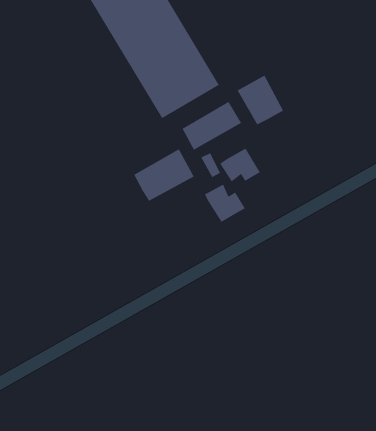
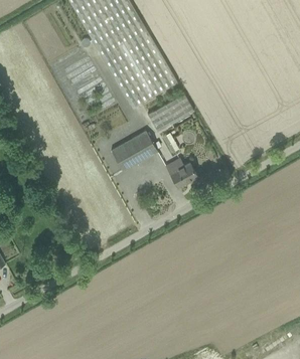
building: [237,74,284,126] -> none
building: [219,148,261,182] -> none

